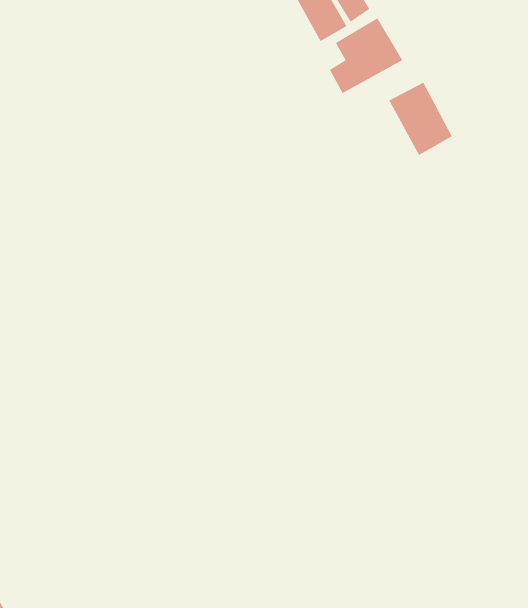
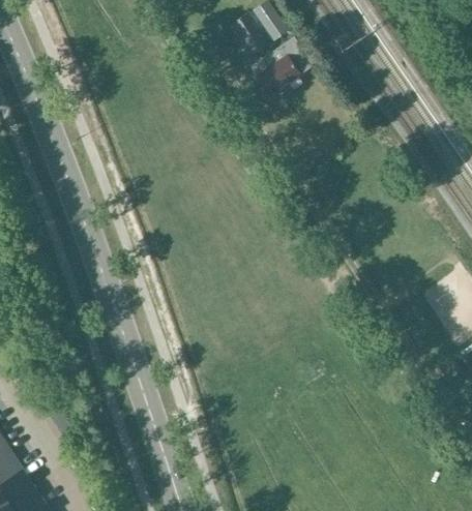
building: [388,82,453,156] -> none

